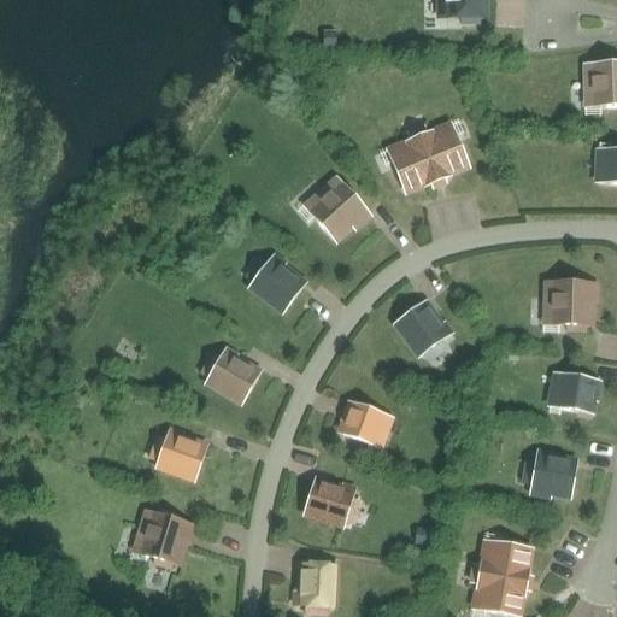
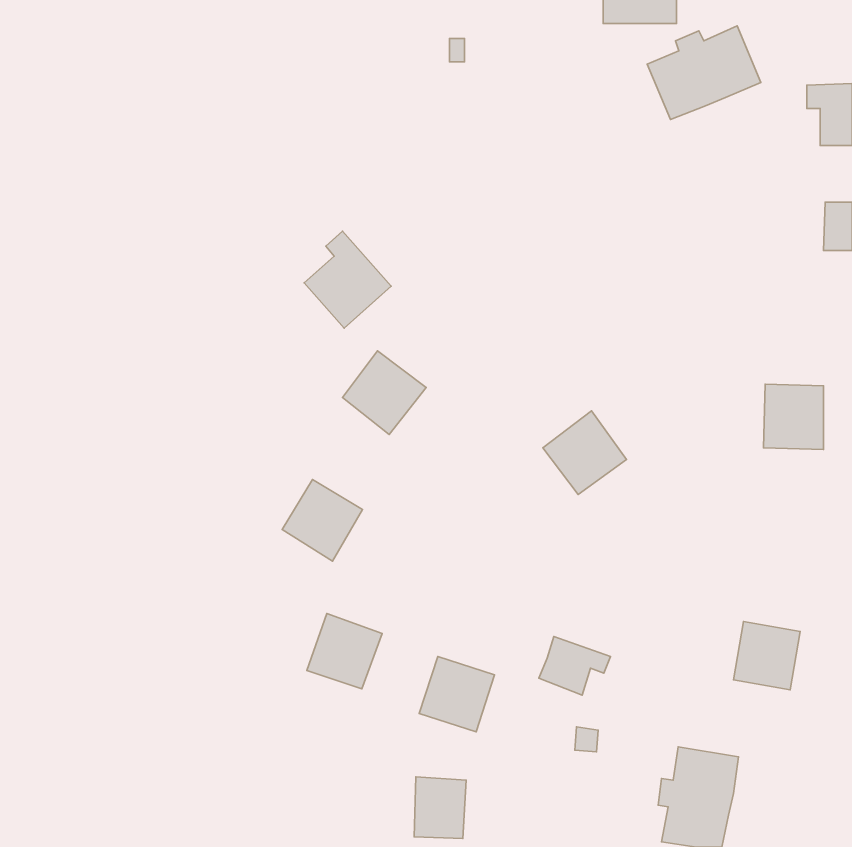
building: [388,125,470,193] -> [647,26,761,119]
building: [307,172,370,242] -> [304,231,391,328]
building: [550,369,595,412] -> none
building: [342,401,394,443] -> [539,637,611,695]
building: [154,427,208,481] -> [307,614,382,689]
building: [130,506,194,565] -> none

